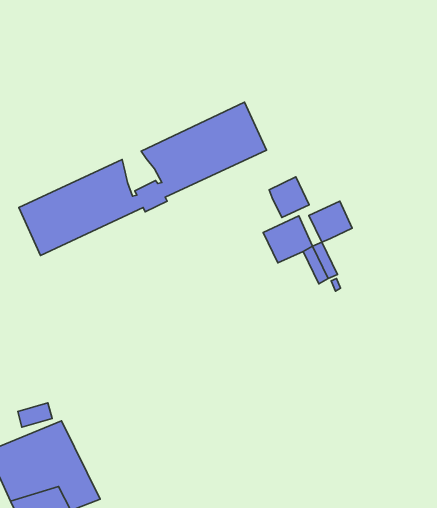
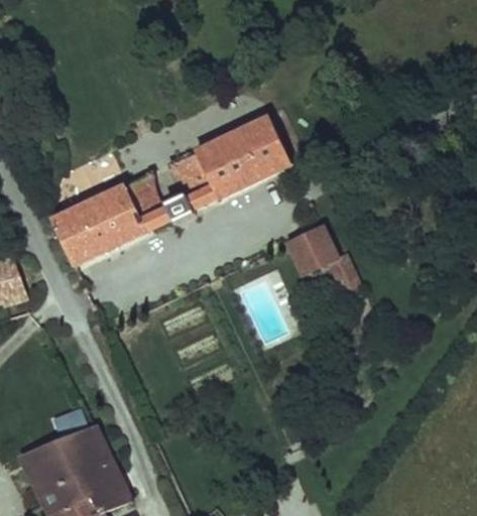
building: [269,177,309,217] -> none
building: [309,201,352,242] -> none

